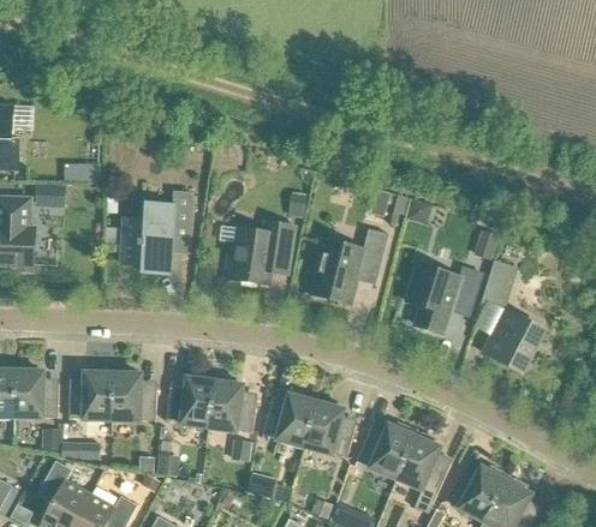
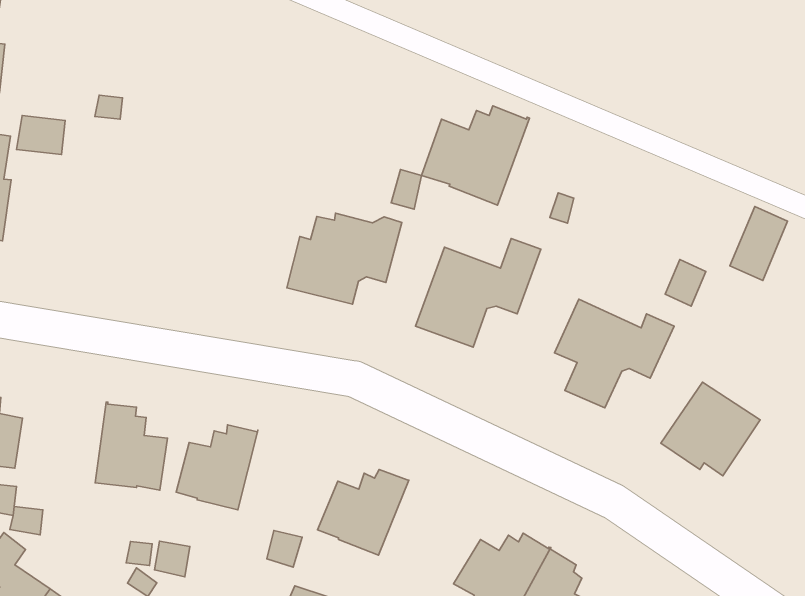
building: none -> [422,106,529,205]
building: [121,193,193,274] -> none
building: [482,259,517,307] -> [730,207,788,280]
building: [68,366,113,420] -> none
building: [208,373,256,432] -> none
building: [304,395,354,457] -> none

